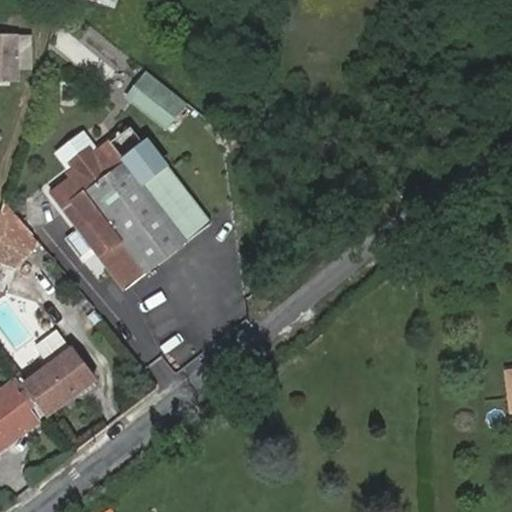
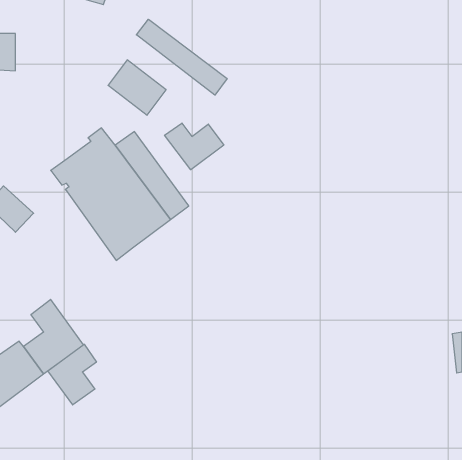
building: none -> [136,19,227,95]
building: none -> [165,123,224,170]
building: none -> [48,344,96,405]

